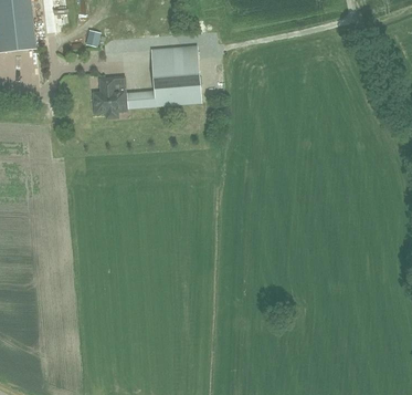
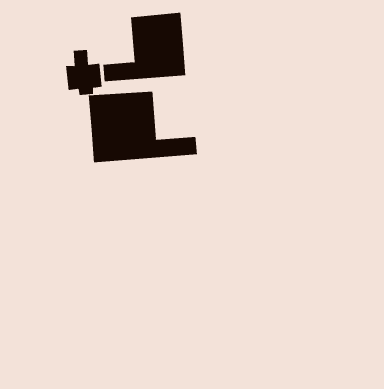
building: none -> [88,91,197,163]

